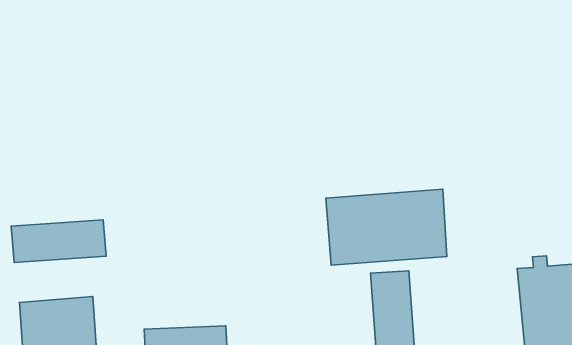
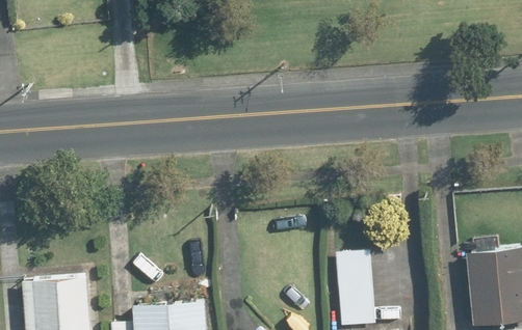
building: [326,189,447,265] -> none
building: [11,220,106,262] -> none

